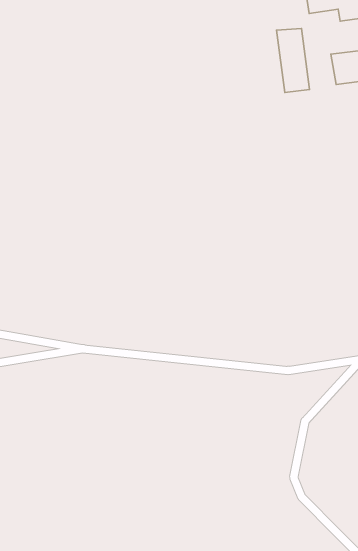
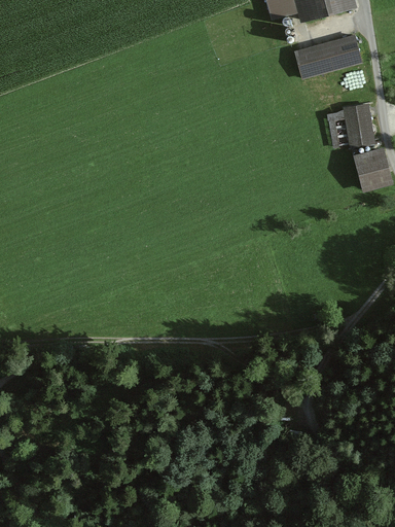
building: [276,28,309,92] -> none

